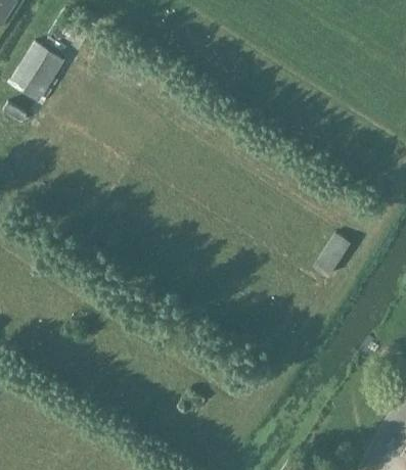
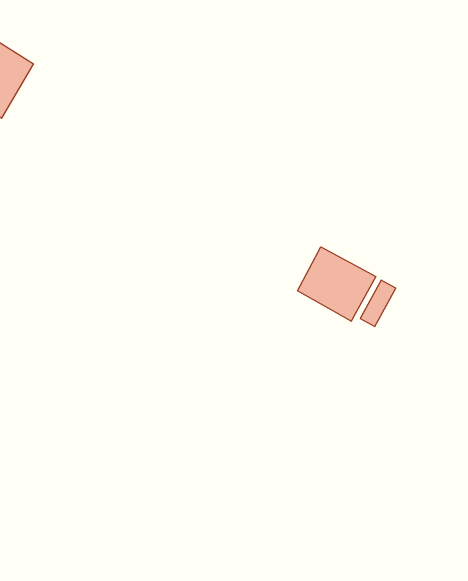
building: none -> [298,247,376,321]

